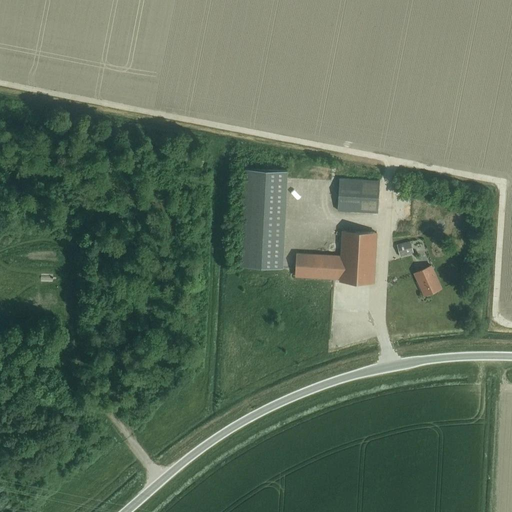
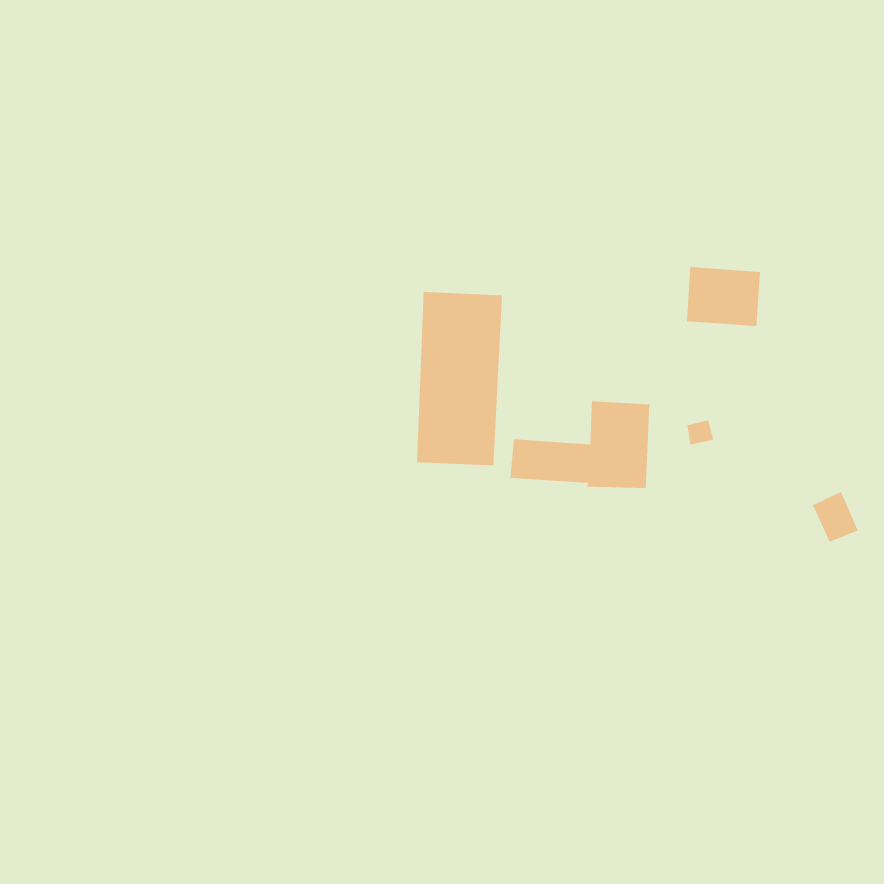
building: [336,179,379,214] -> [686,266,761,327]
building: [413,266,440,296] -> [812,491,859,543]

